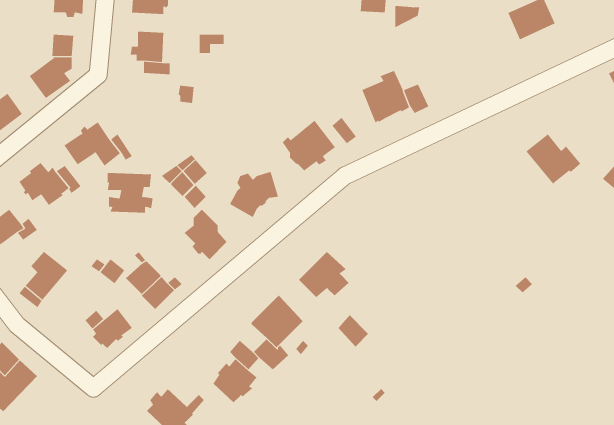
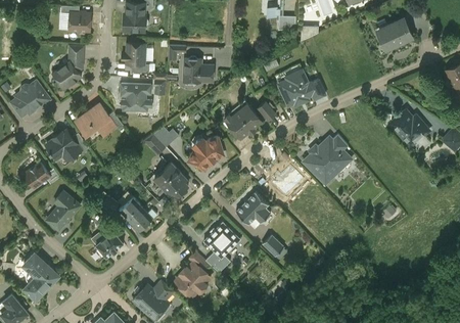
building: none -> [183,56,213,82]
building: none -> [303,135,351,185]
building: [107,173,153,213] -> [120,84,151,111]

